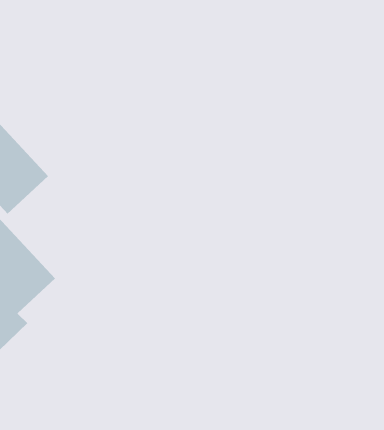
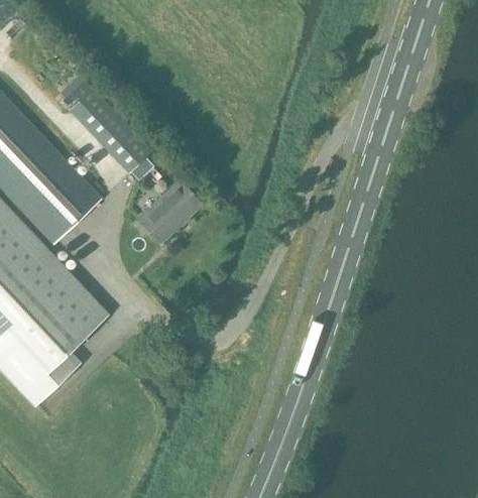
building: none -> [69,87,151,172]
building: none -> [138,180,201,242]

